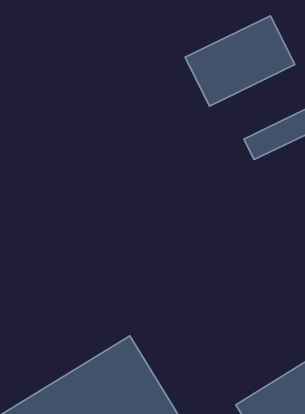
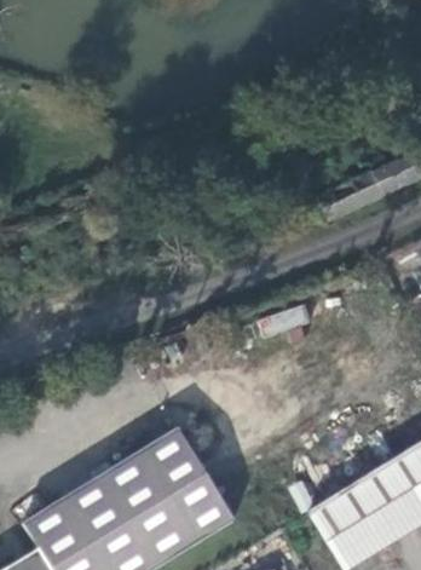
building: [185,16,295,106] -> none

